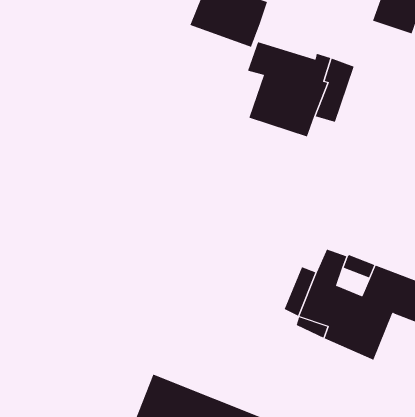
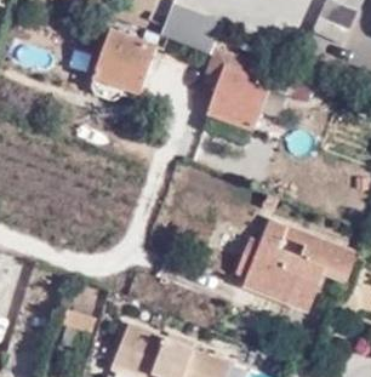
building: none -> [90,32,155,101]

